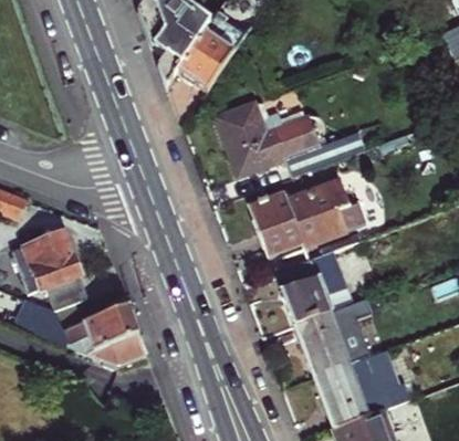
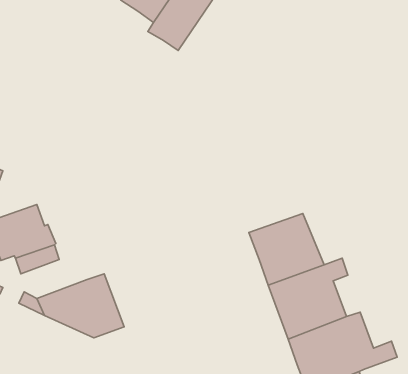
building: [215,99,347,174] -> none
building: [247,177,363,250] -> none

